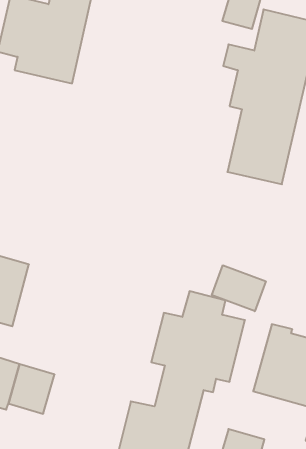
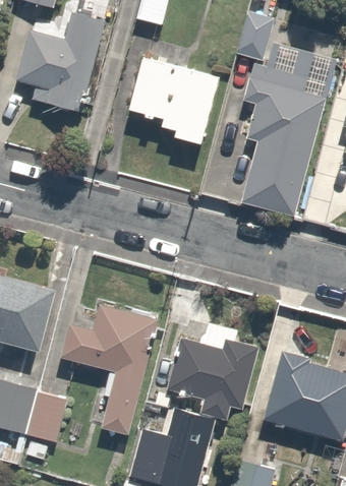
building: none -> [122,55,225,146]
building: [212,265,266,311] -> none
building: none -> [60,304,154,432]

